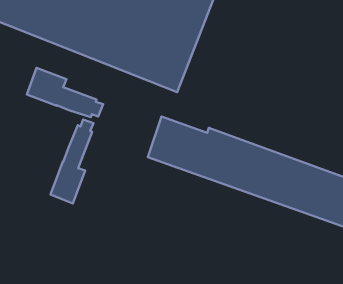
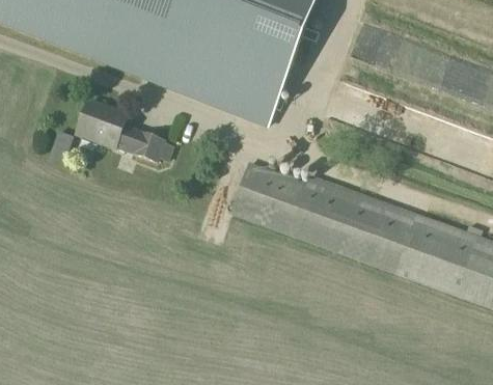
building: [50,119,93,203] -> none

